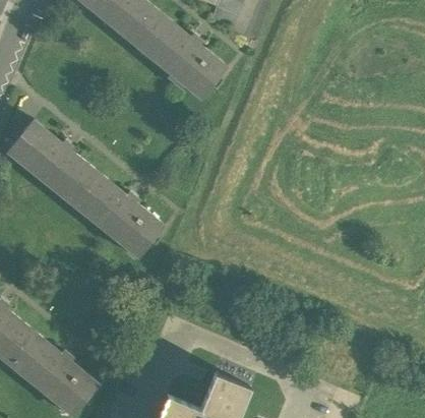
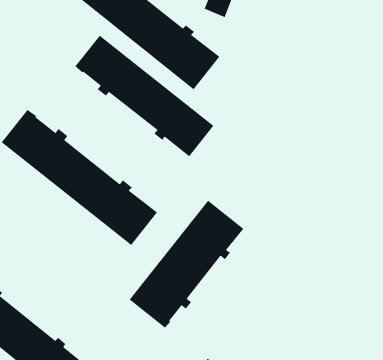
building: none -> [75,35,214,157]
building: none -> [129,200,244,328]

